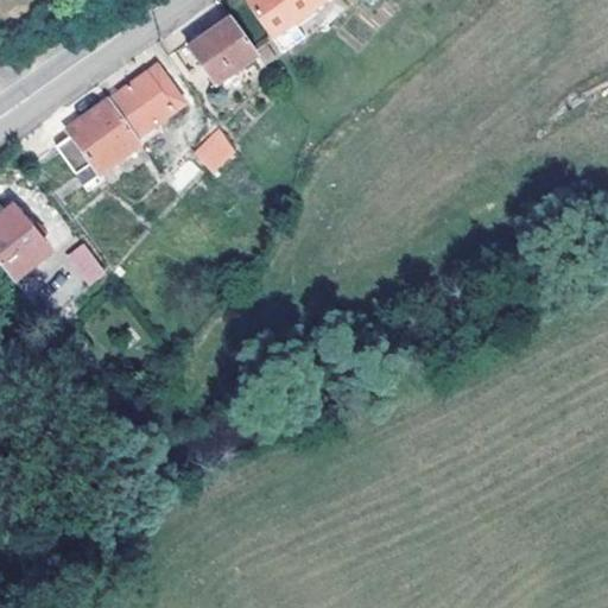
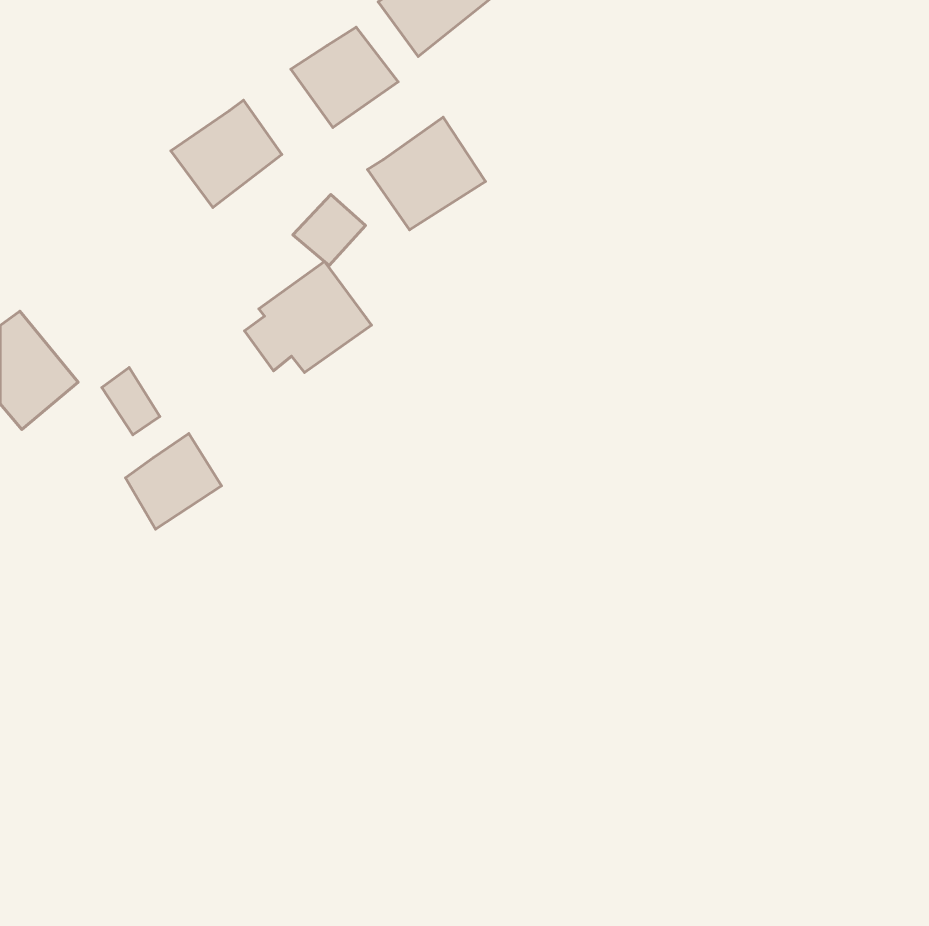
building: none -> [368,117,486,230]
building: [59,99,142,171] -> [244,262,372,373]
building: none -> [126,433,222,529]

